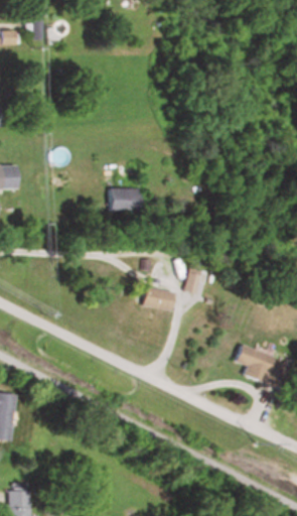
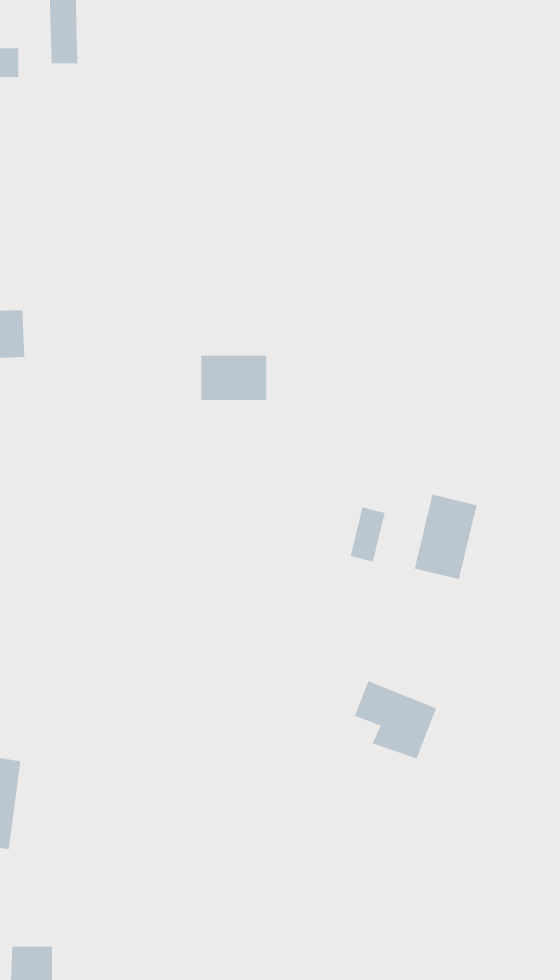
building: none -> [414,494,477,580]
building: [140,286,175,311] -> none
building: [234,344,276,384] -> [354,680,437,759]

